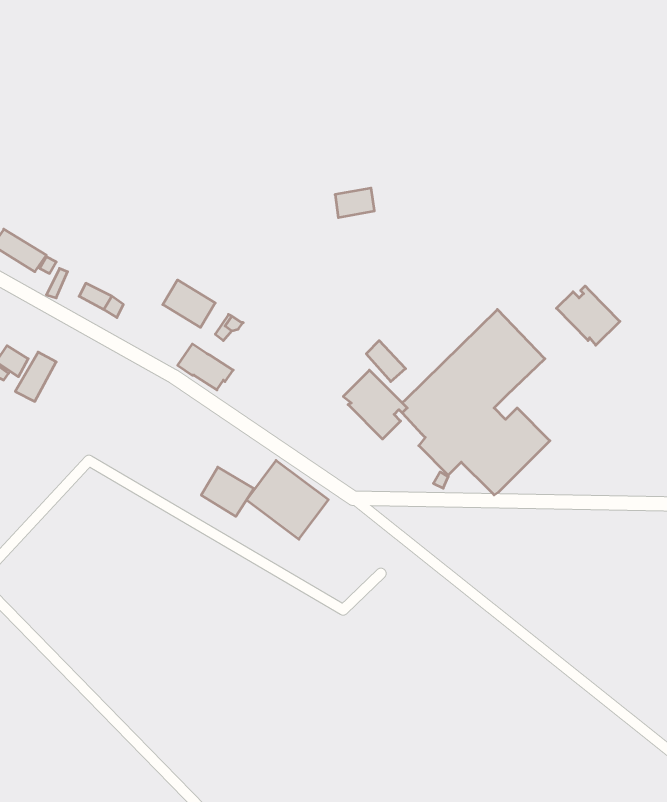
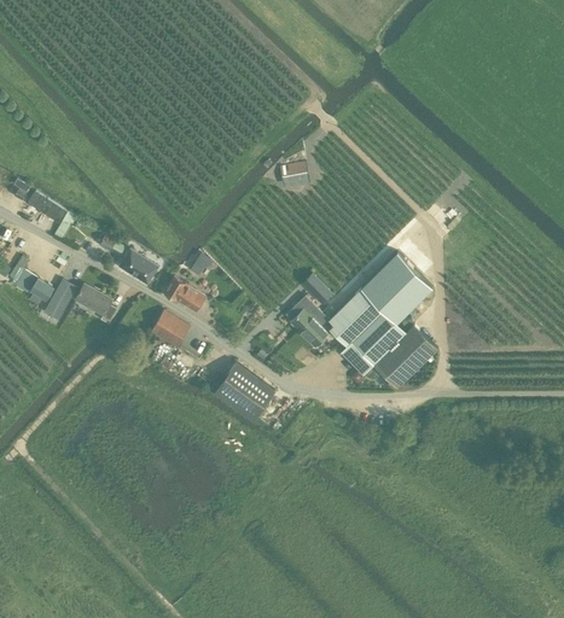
building: [163,280,215,327] -> [118,249,157,284]
building: [556,286,620,345] -> none
building: none -> [75,284,116,323]
building: [201,467,254,516] -> [151,310,190,346]

